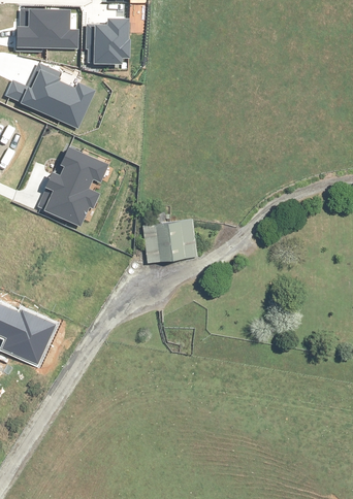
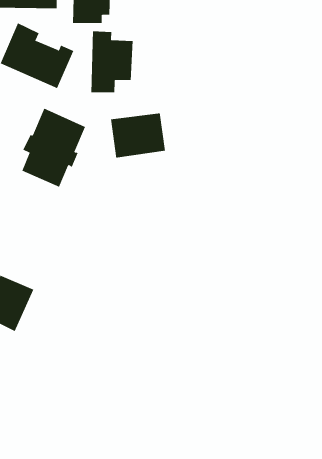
building: none -> [91,31,133,93]
building: [145,219,199,263] -> [110,113,166,158]

